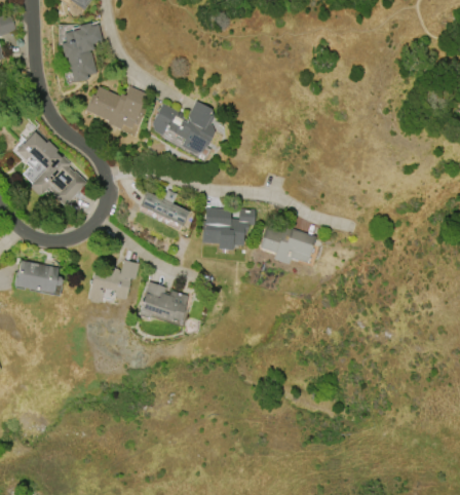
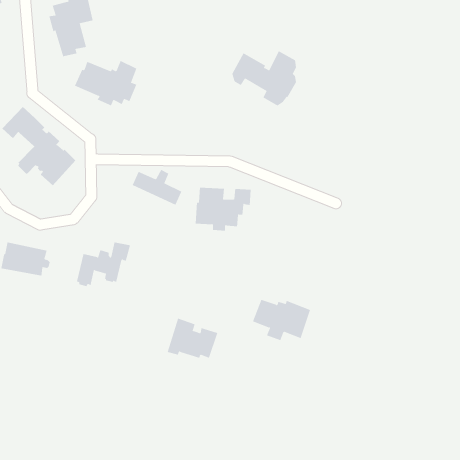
building: [151,102,214,155] -> [232,50,297,106]
building: [258,227,314,267] -> [252,299,311,341]
building: [138,282,187,321] -> [167,318,218,358]

